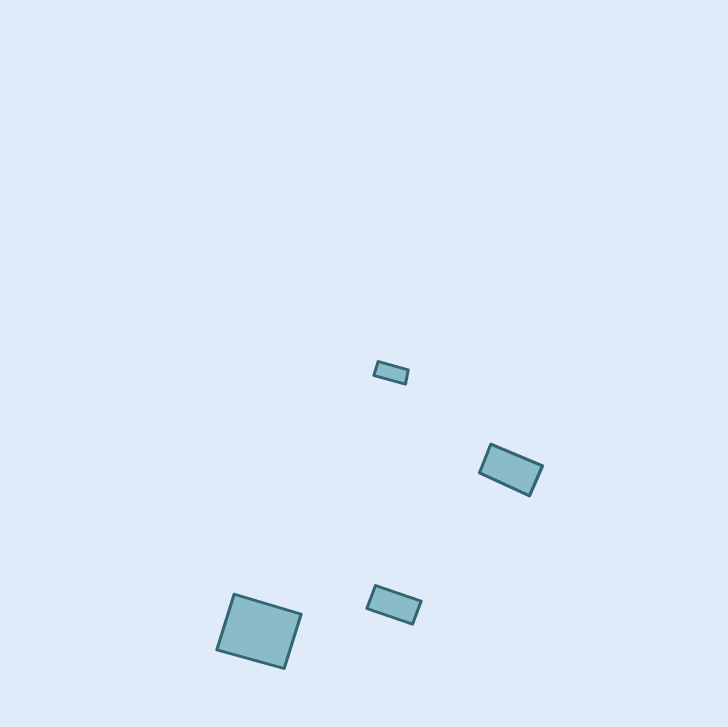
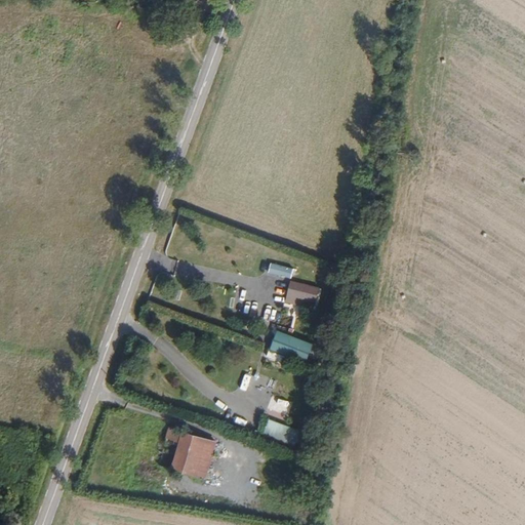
building: none -> [284,280,308,307]
building: [480,444,542,496] -> [271,329,316,366]

